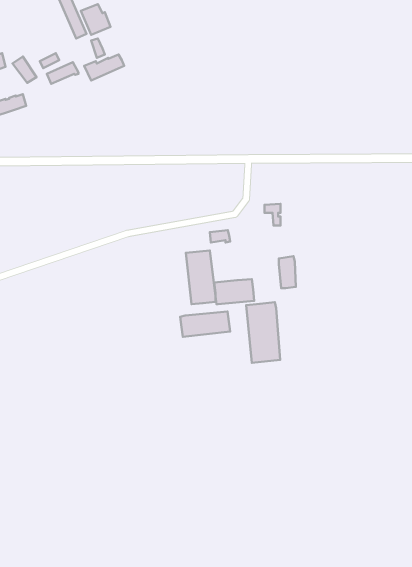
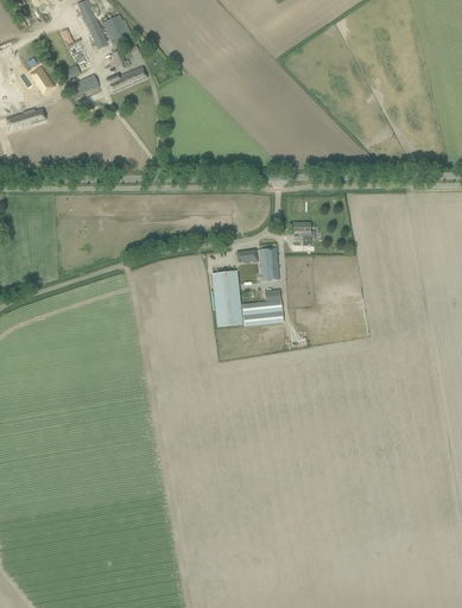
building: [279,256,296,288] -> [260,246,278,279]
building: [246,302,280,363] -> none
building: [180,311,230,337] -> none

